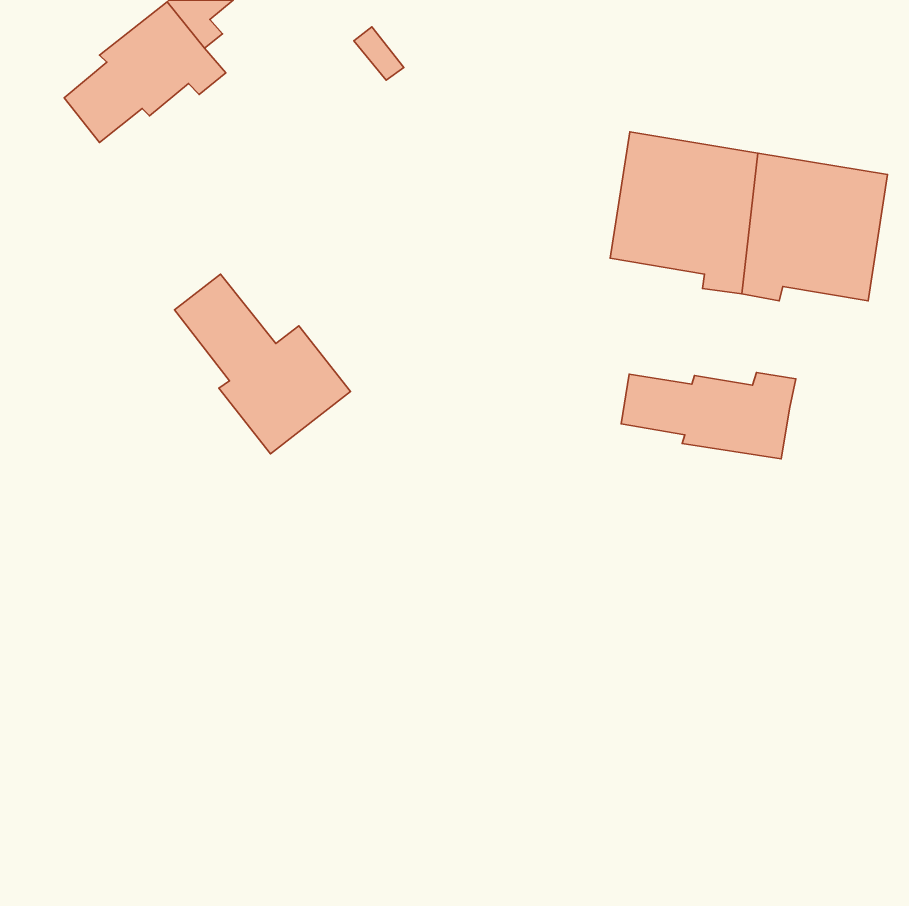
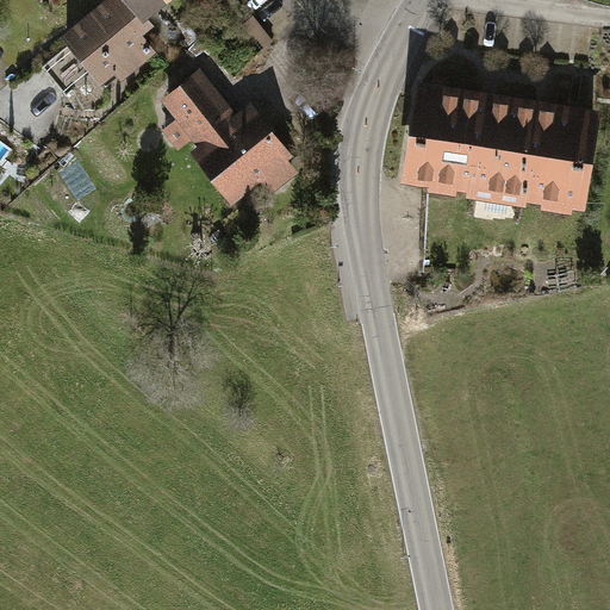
building: [174,274,350,454] -> [168,77,286,198]
building: [621,373,796,459] -> none

